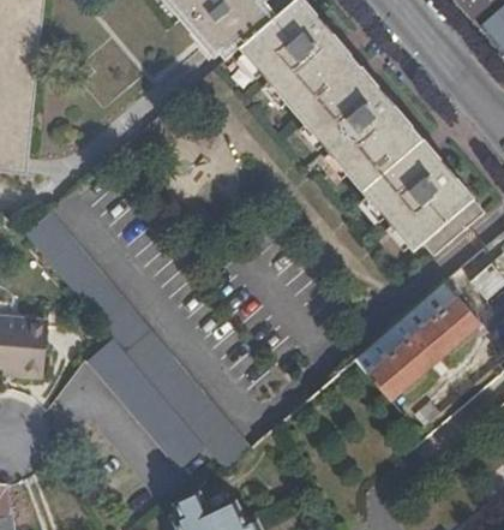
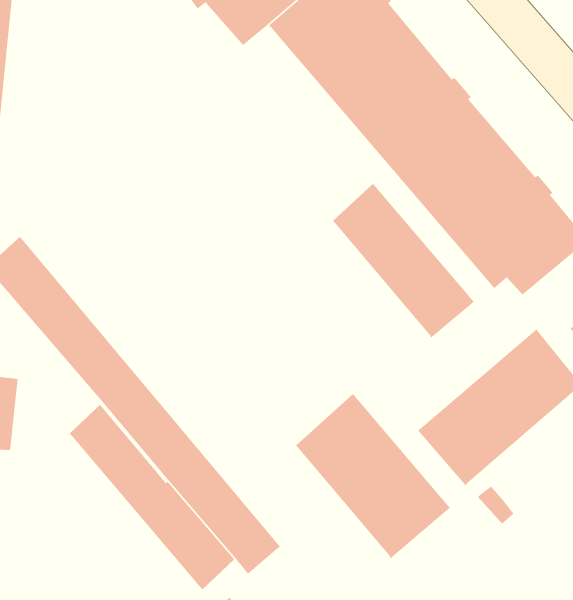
building: none -> [332,183,475,339]
building: none -> [295,393,451,560]

